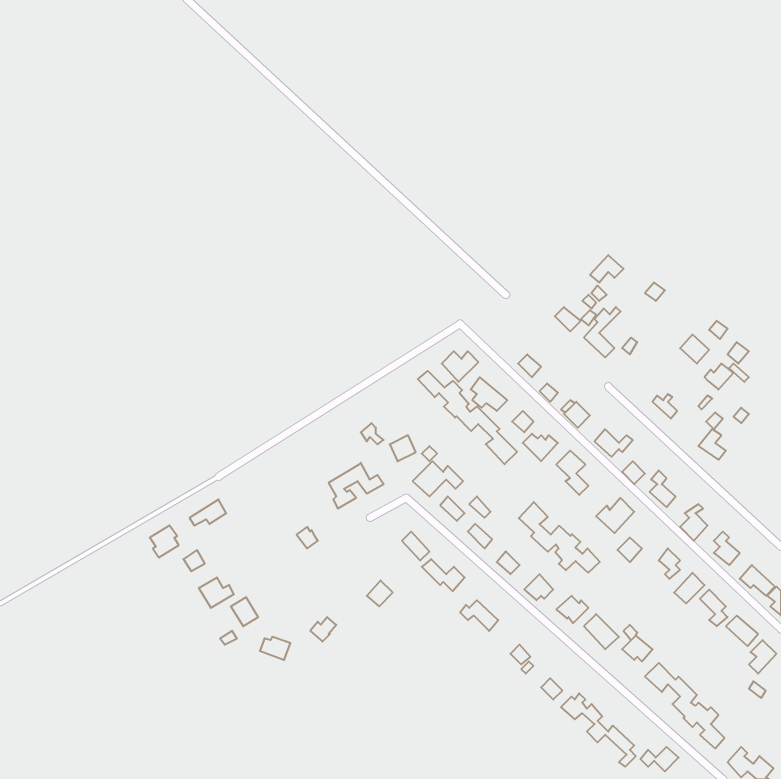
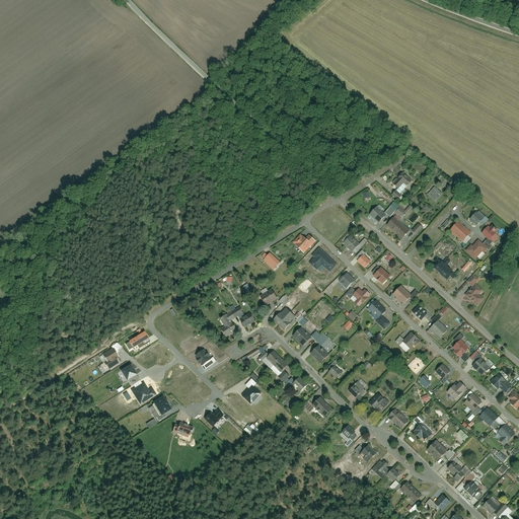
building: [418,371,517,464] -> none
building: [519,502,600,573] -> none

